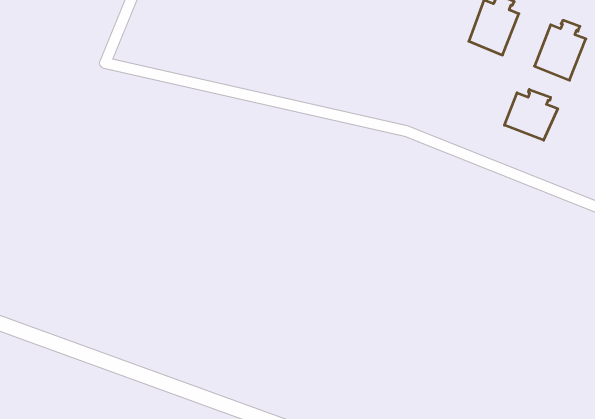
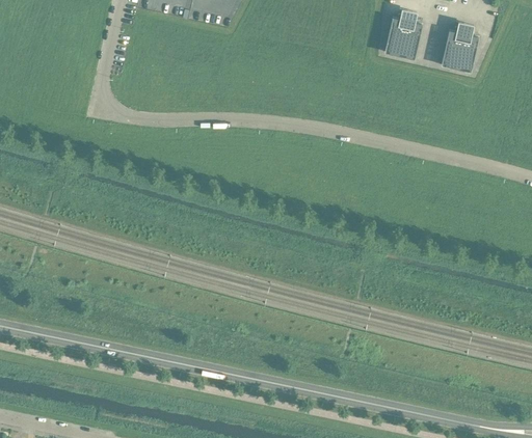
building: [504,89,558,140] -> none

